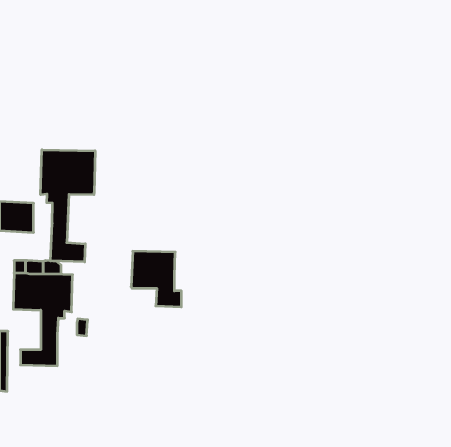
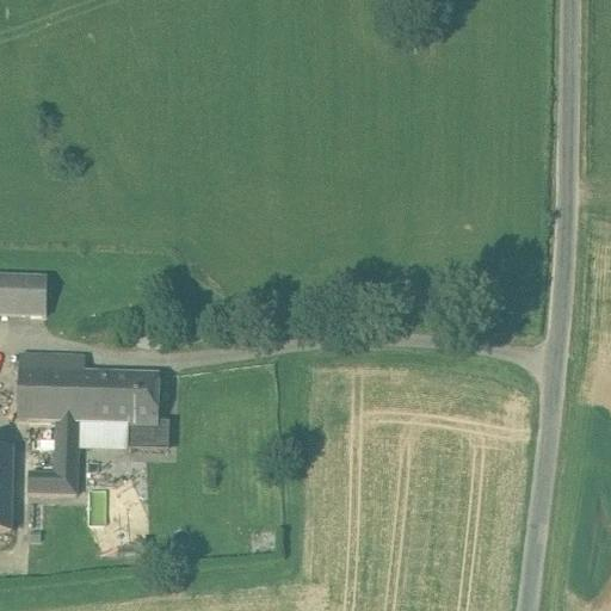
building: [41,150,95,262] -> none
building: [131,251,181,307] -> [97,371,165,446]

